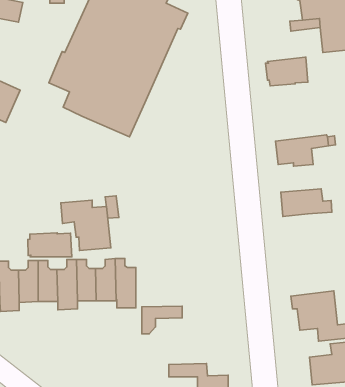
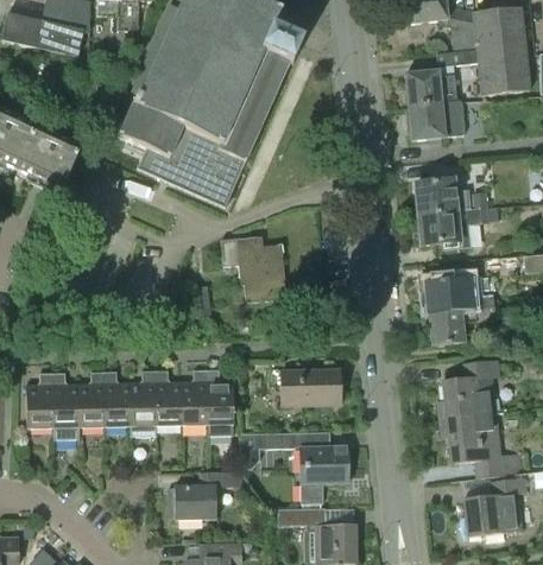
building: none -> [405,70,457,107]
building: none -> [416,174,486,212]
building: [61,200,111,250] -> [220,235,286,301]
building: none -> [428,306,494,344]
building: [28,233,72,257] -> none
building: none -> [436,358,498,418]
building: none -> [279,368,340,404]
building: none -> [299,444,347,501]
building: none -> [168,470,239,518]

